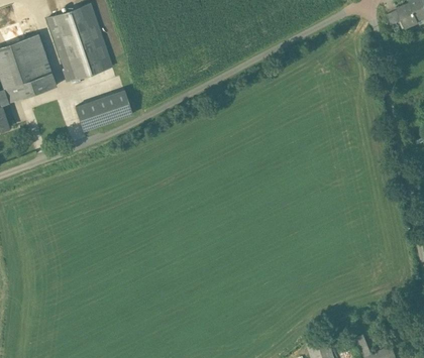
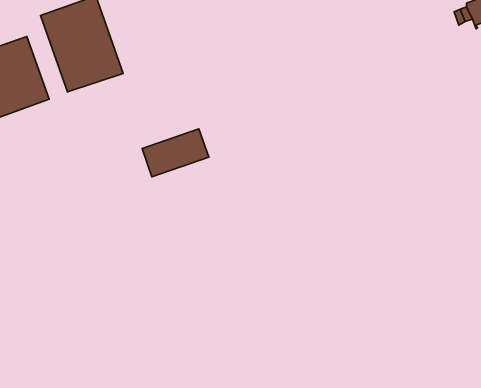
building: [77,91,131,130] -> [142,129,209,177]

